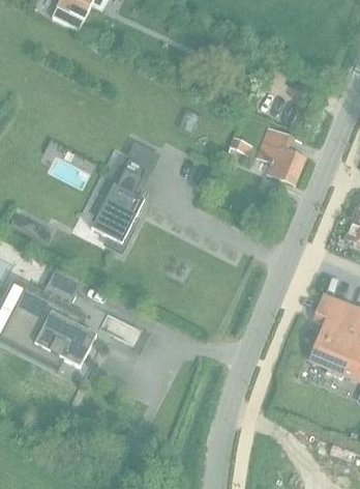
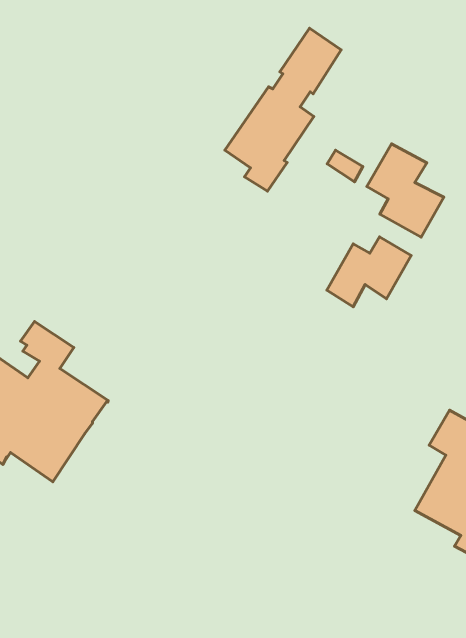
building: [90,143,156,250] -> [225,28,341,191]
building: none -> [327,237,411,307]

